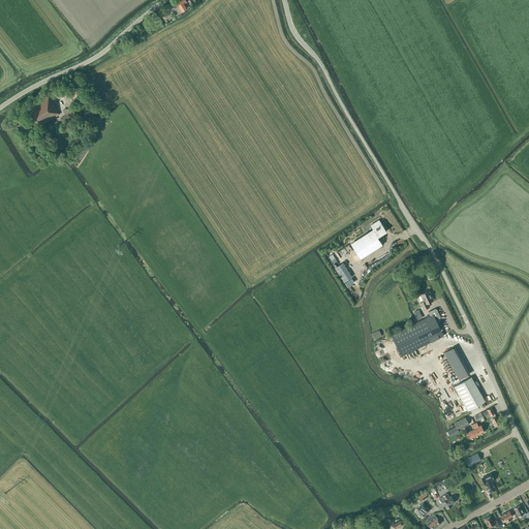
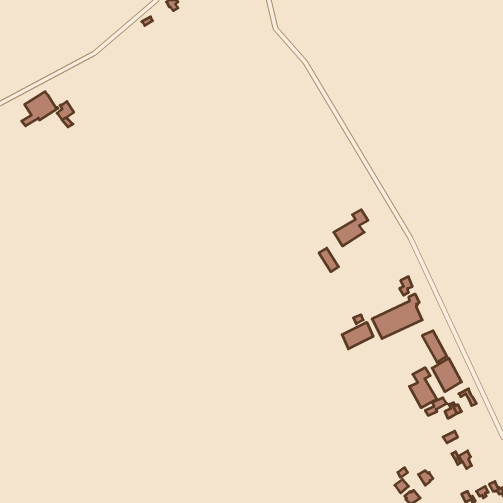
building: none -> [342,322,373,349]
building: none -> [409,368,437,408]

